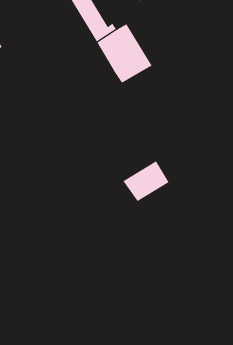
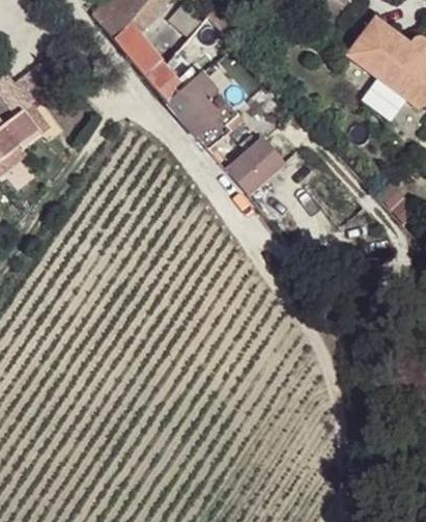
building: [122,160,169,202] -> [226,136,285,192]

